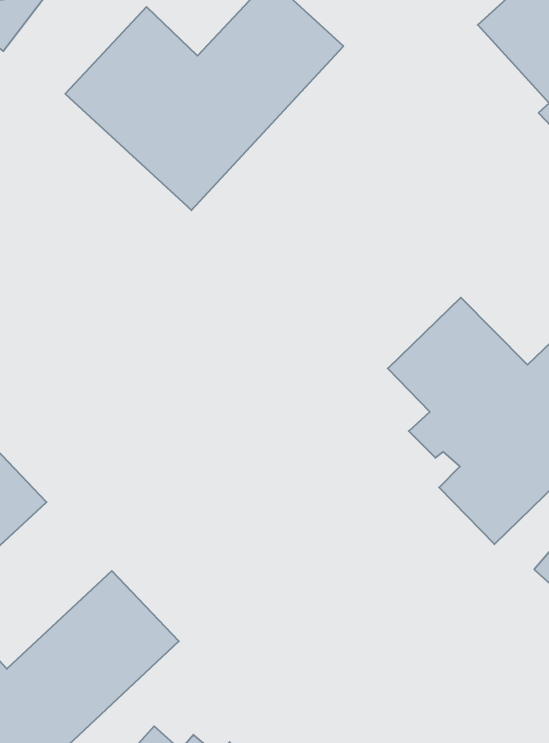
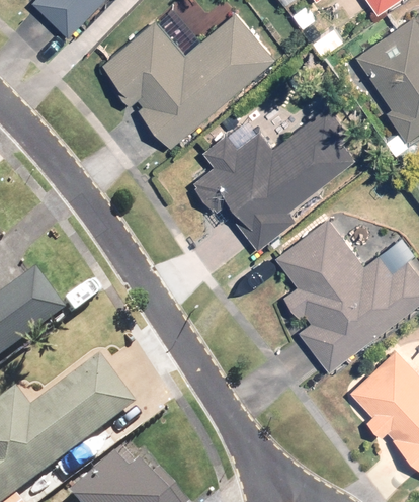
building: none -> [195,113,354,248]

